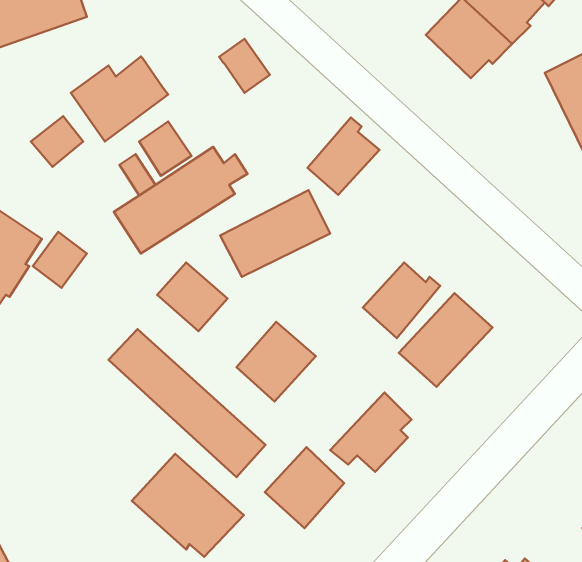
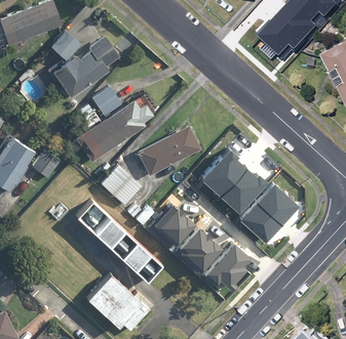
building: [219,39,270,93] -> [90,35,119,66]
building: [31,116,83,167] -> [50,31,80,59]
building: [307,117,380,195] -> [201,146,242,190]
building: [265,447,344,528] -> [174,222,219,268]

